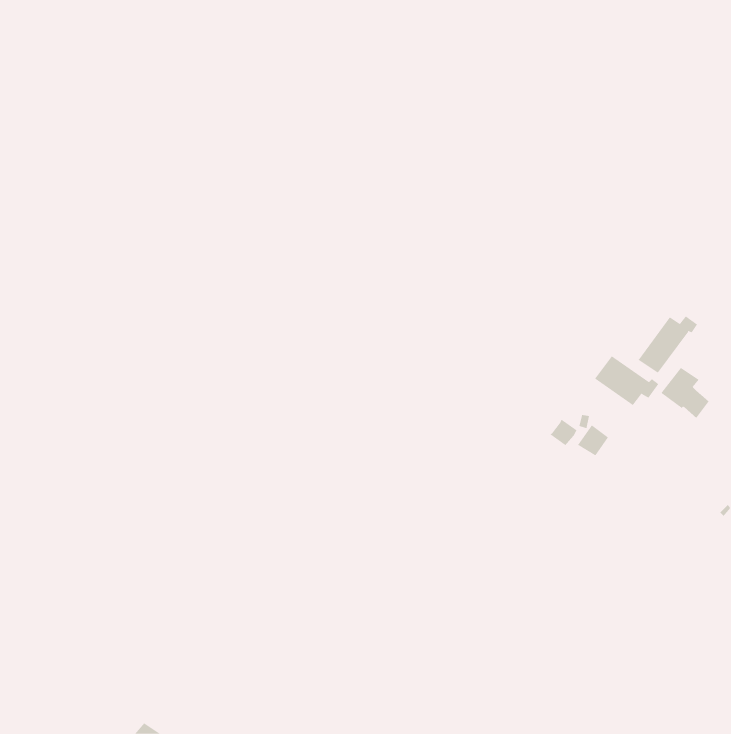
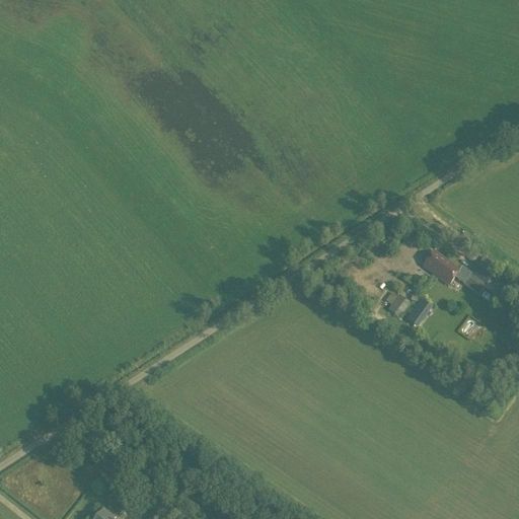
building: [638,316,698,374] -> none

